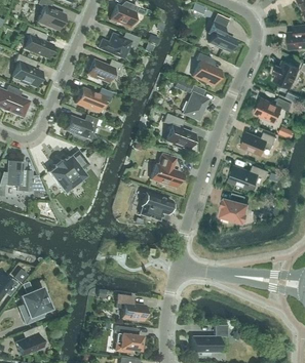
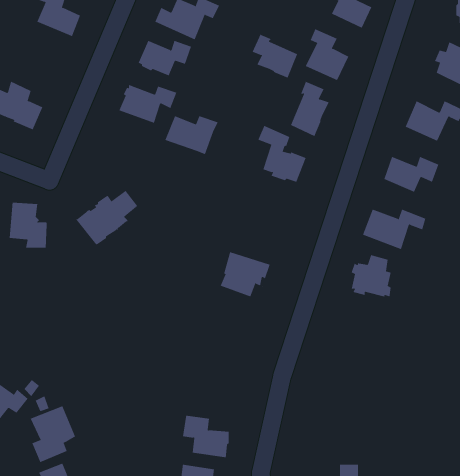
building: [13,54,41,86] -> none
building: none -> [252,33,298,78]
building: [65,115,99,139] -> [165,116,219,155]
building: [151,154,181,187] -> none

